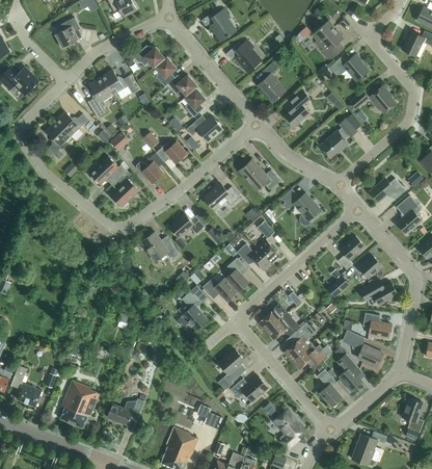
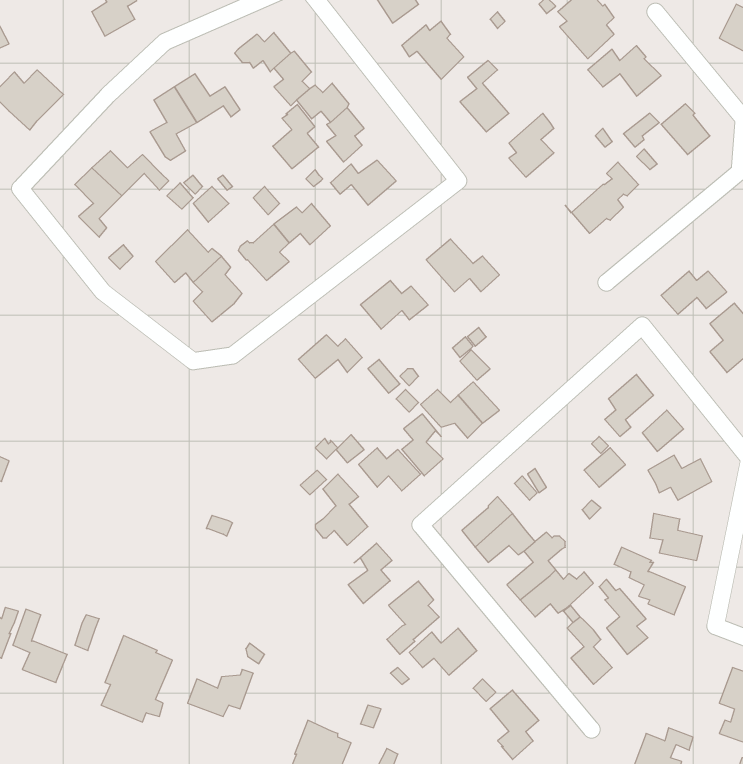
building: none -> [273,104,319,169]
building: [282,192,321,226] -> none
building: [140,232,179,261] -> none
building: none -> [348,543,392,604]

